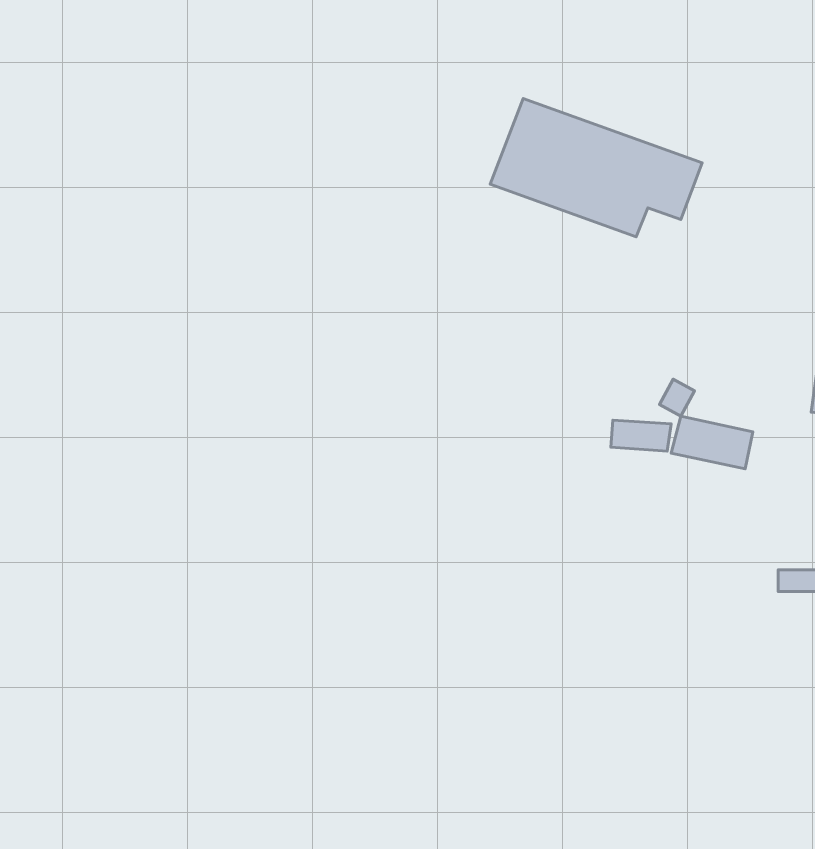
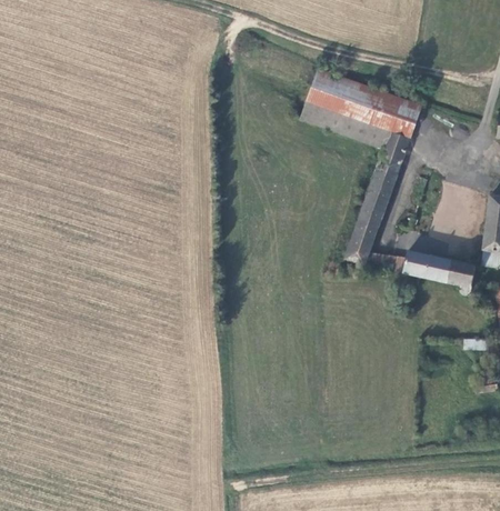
building: none -> [344,132,409,264]
building: none -> [446,260,476,295]

